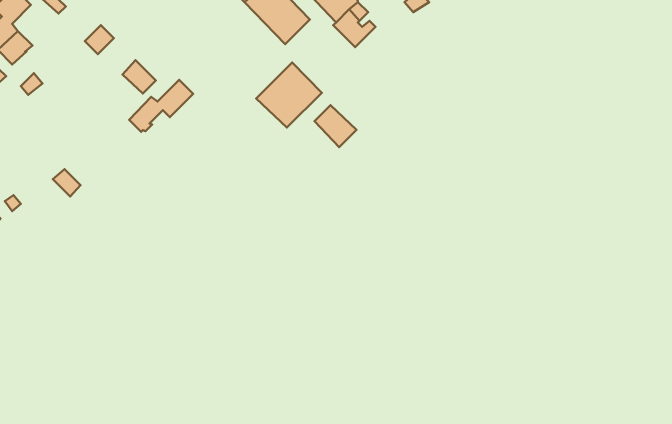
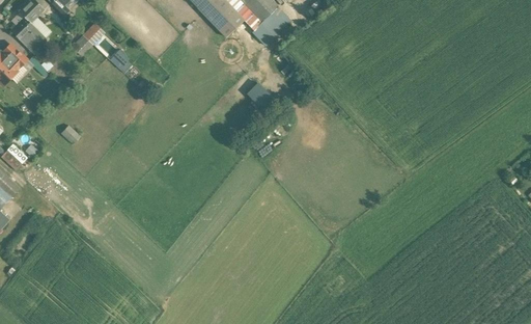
building: [256,63,322,127] -> none
building: [129,80,193,132] -> none

